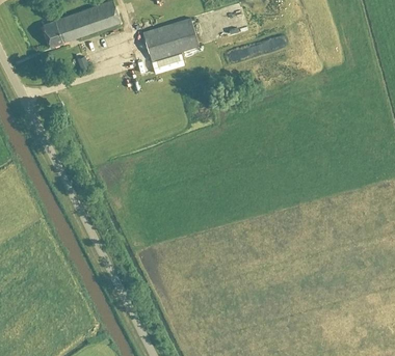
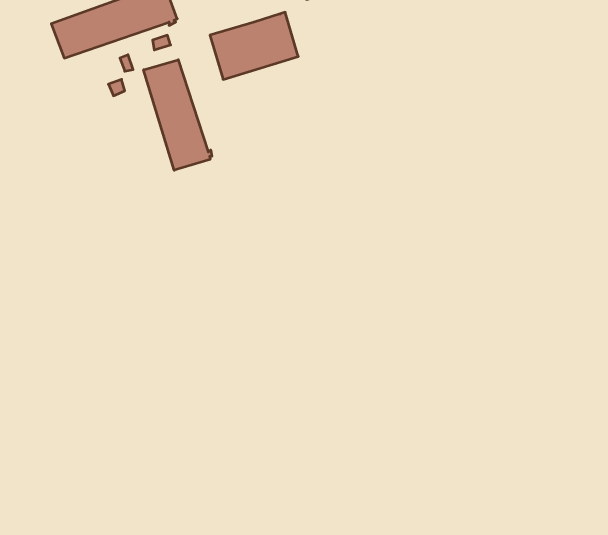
building: none -> [144,60,212,170]

